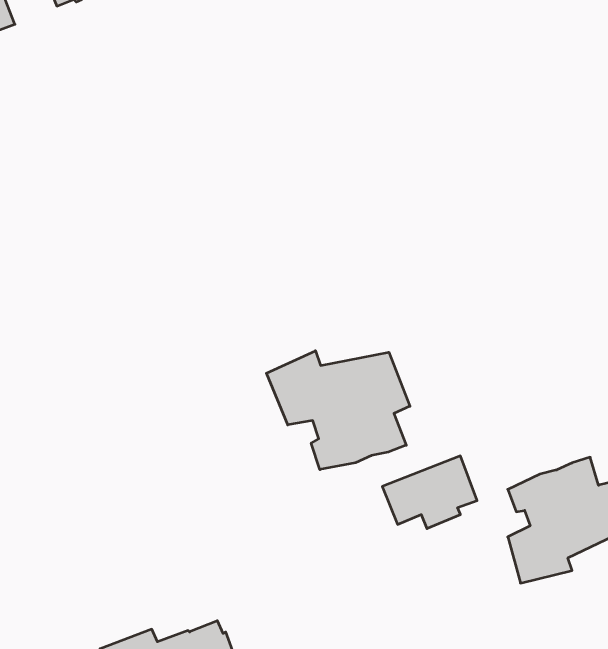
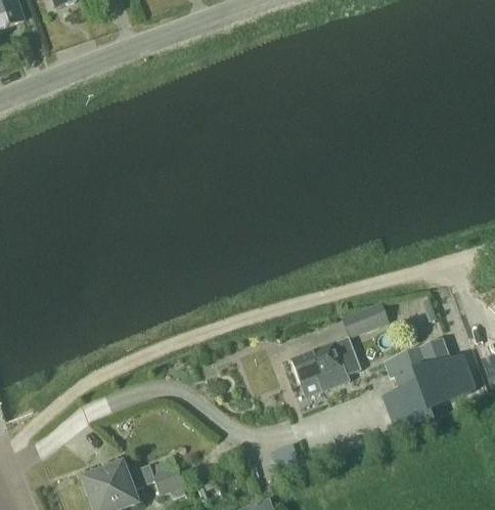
building: [266,351,410,470] -> none
building: none -> [342,302,388,336]

